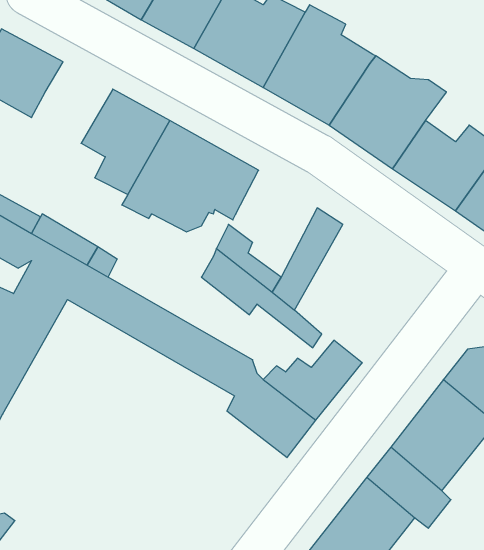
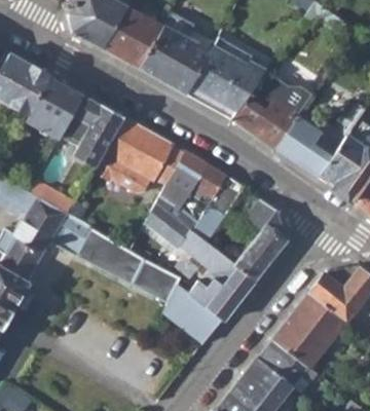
building: none -> [38,76,84,132]
building: none -> [169,150,224,206]
building: none -> [228,197,287,282]

